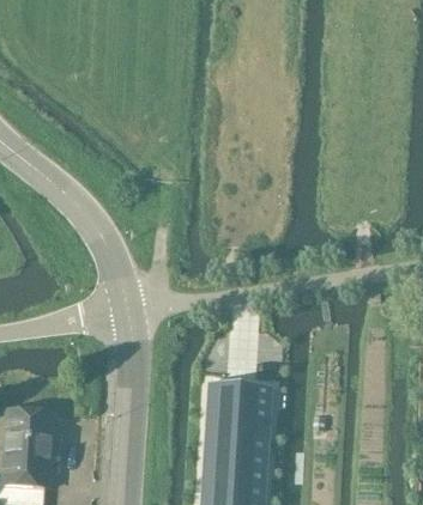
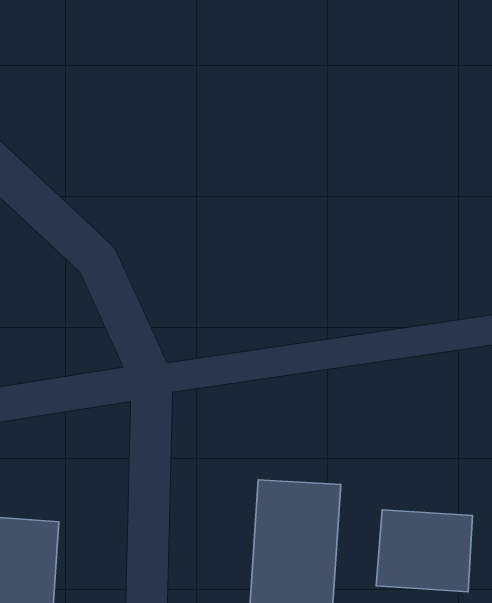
building: none -> [376,510,473,592]

